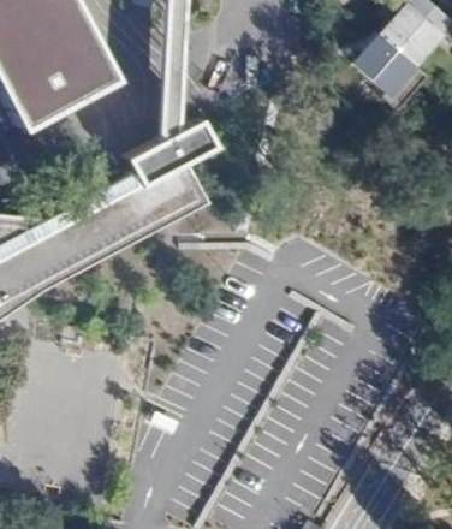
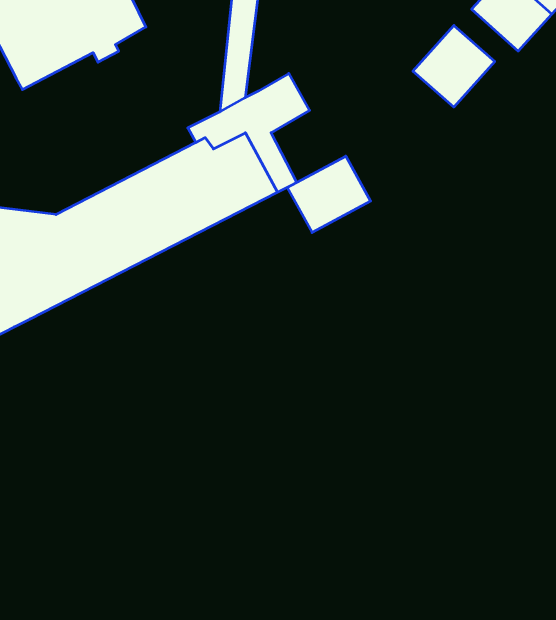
building: none -> [413,25,495,107]
building: none -> [287,156,371,233]

